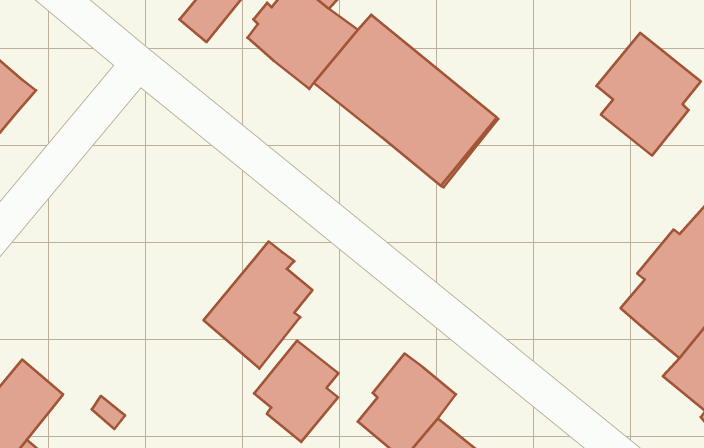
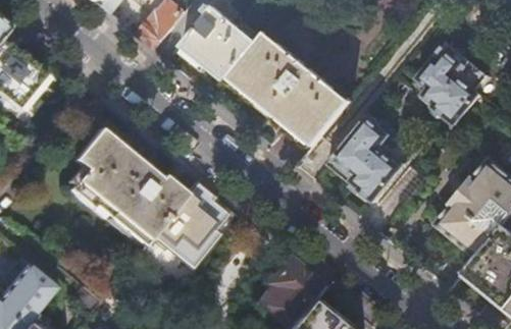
building: none -> [326,117,405,203]
building: none -> [70,130,187,249]
building: [254,341,338,442] -> none

